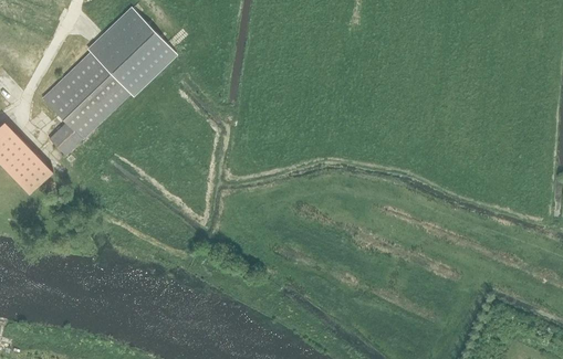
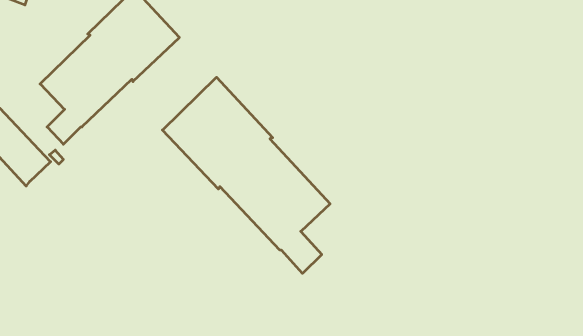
building: none -> [162,77,330,273]

